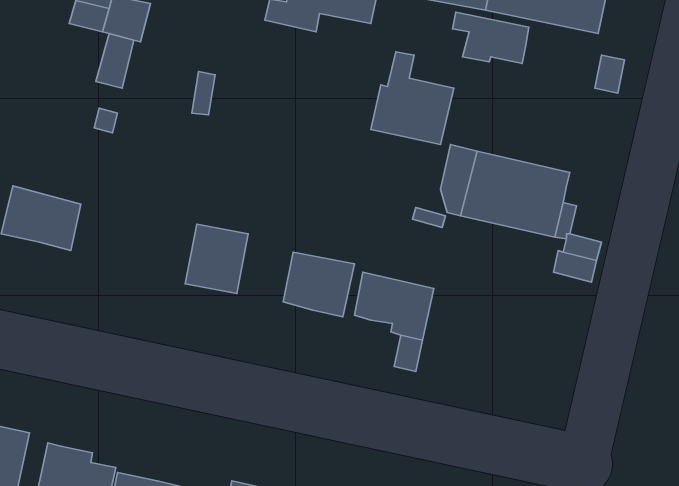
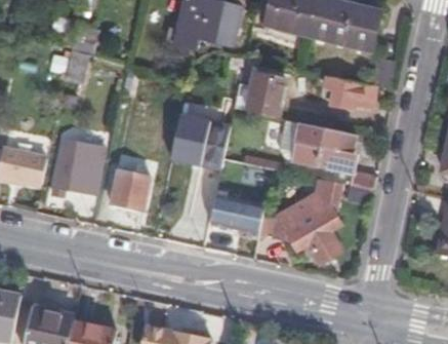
building: [453,12,529,63] -> [325,77,372,109]
building: none -> [175,110,237,167]
building: none -> [60,138,111,194]
building: none -> [274,180,340,261]

